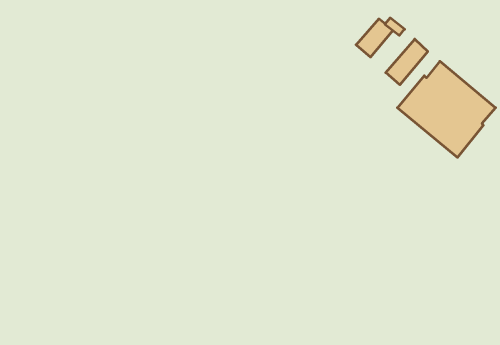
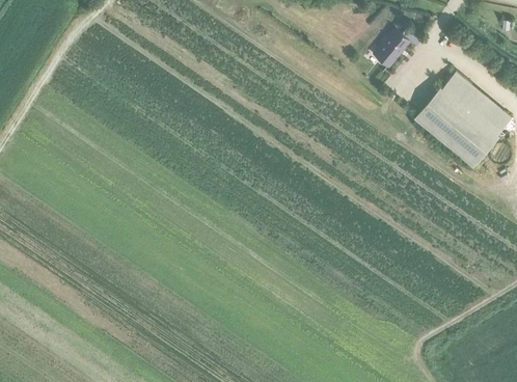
building: [386,39,428,85] -> none

